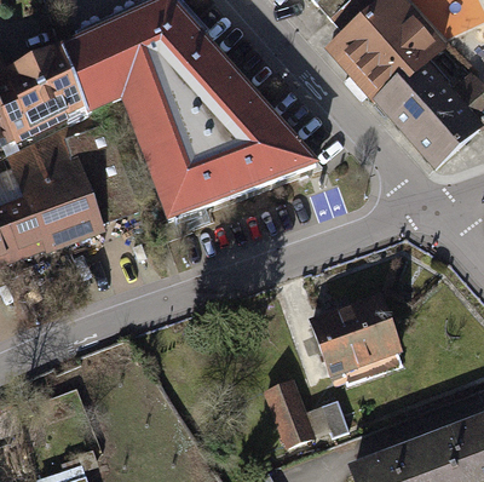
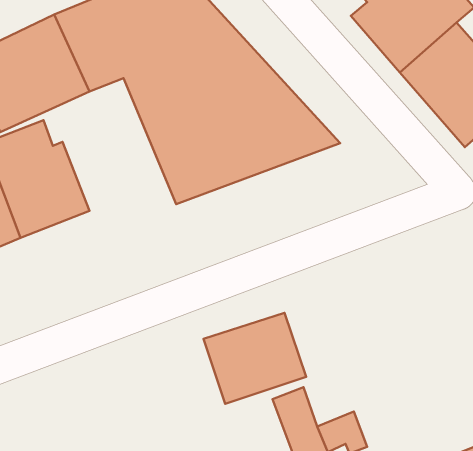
building: [310,295,402,377] -> [203,313,306,404]

